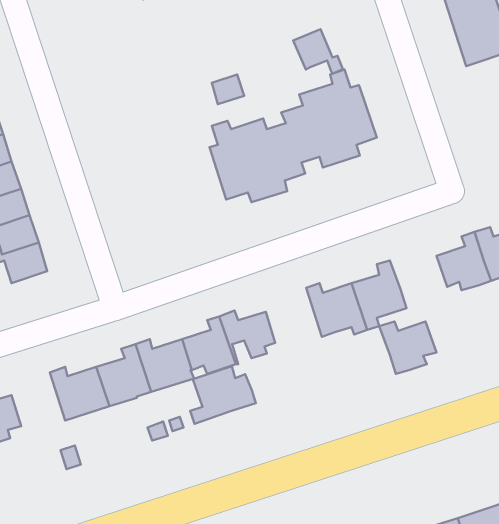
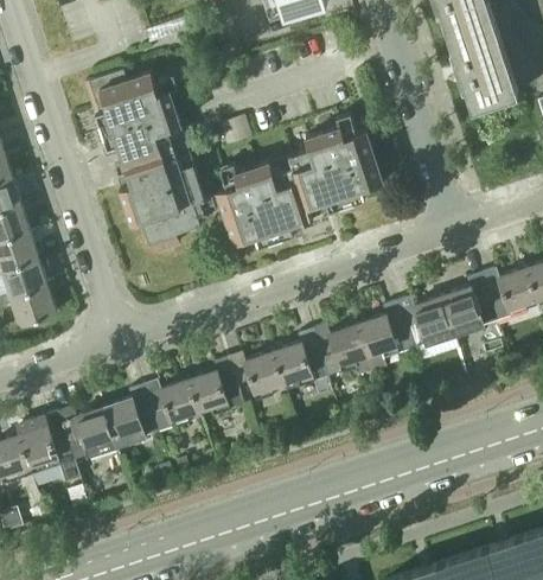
building: none -> [84,66,217,249]
building: [293,29,343,74] -> none
building: none -> [272,329,327,387]
building: [379,321,436,374] -> [395,297,452,349]
building: [190,366,256,424] -> none
building: none -> [17,413,72,470]

